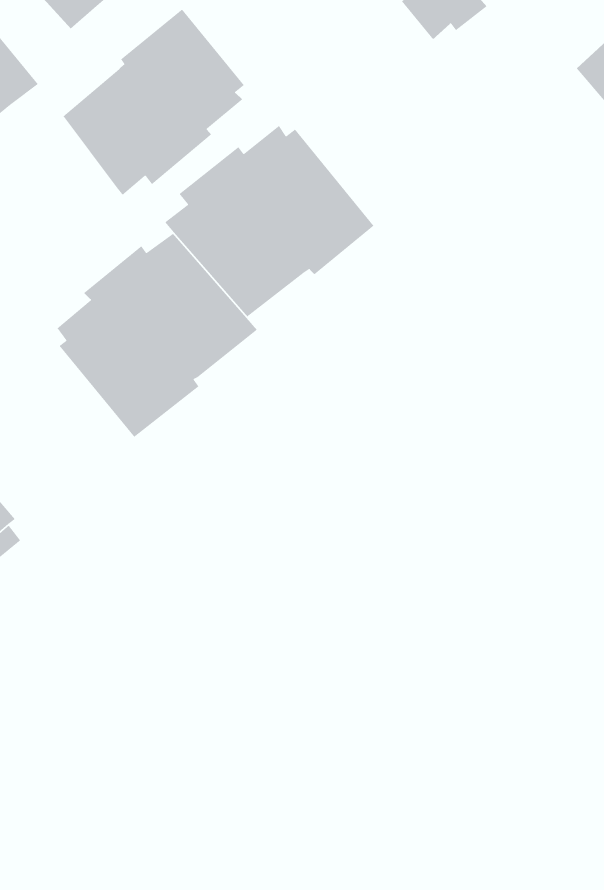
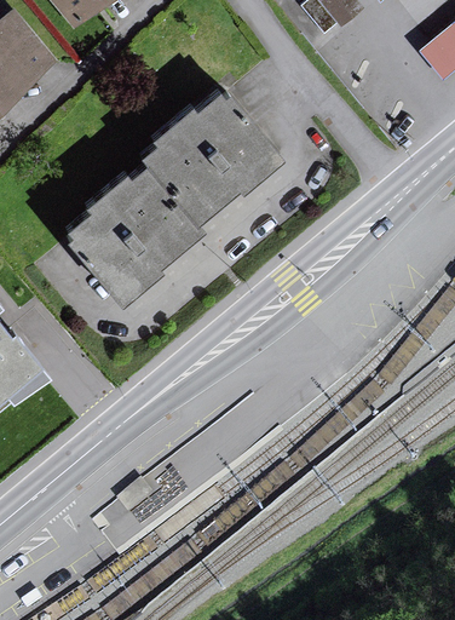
building: [63,9,245,196] -> none

